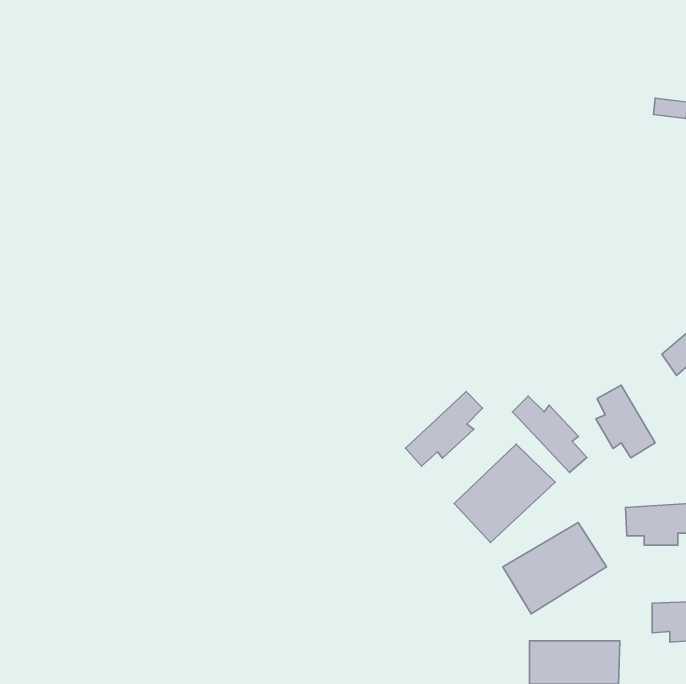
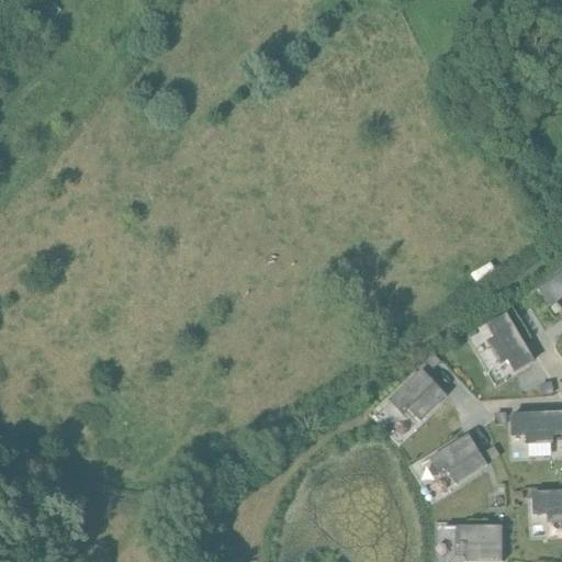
building: [406,392,482,466] -> none
building: [512,396,587,473] -> none

